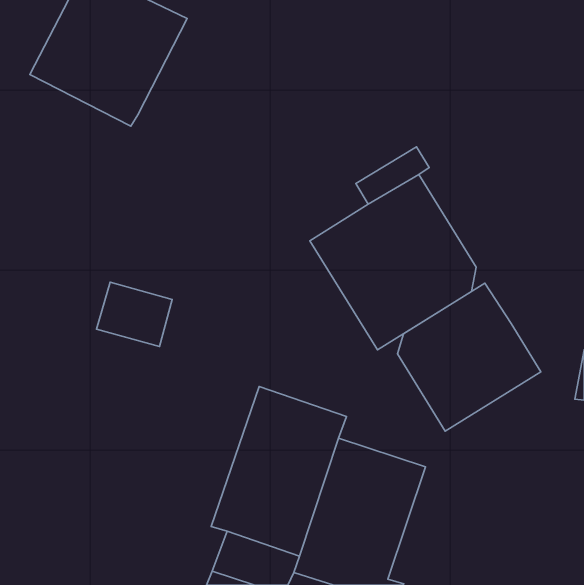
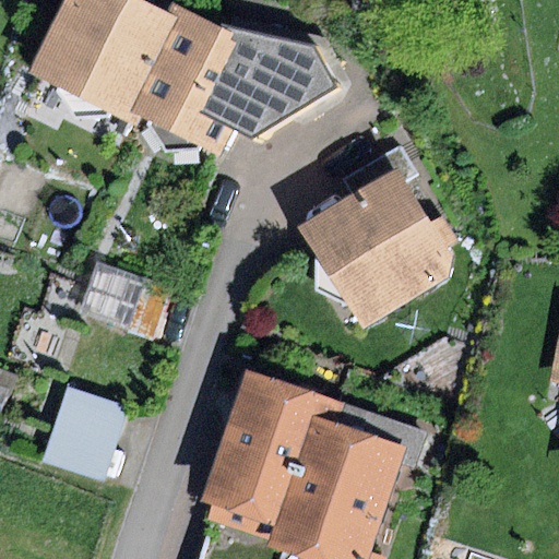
building: none -> [131,9,346,155]
building: [397,283,541,431] -> none
building: none -> [41,391,123,481]

